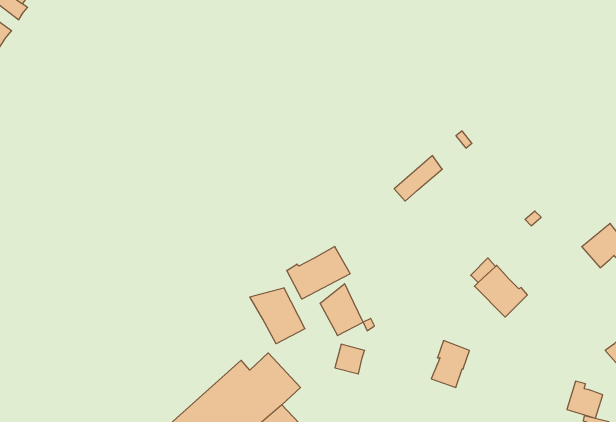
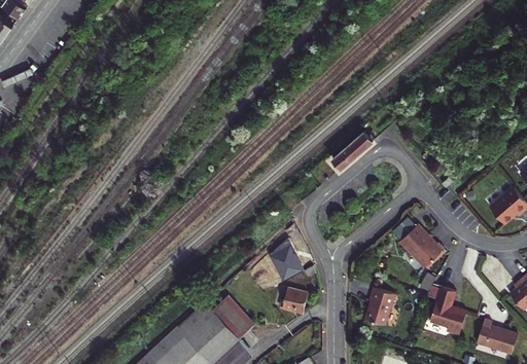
building: [287,246,350,299] -> none
building: [250,288,305,344] -> none
building: none -> [428,287,465,334]

